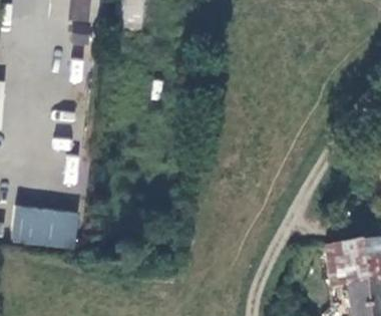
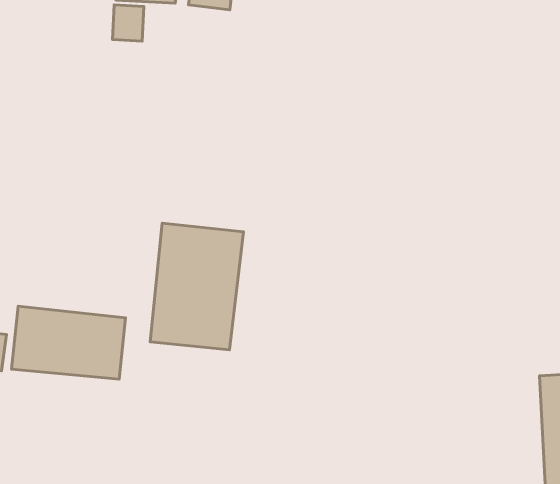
building: none -> [150,223,244,350]

